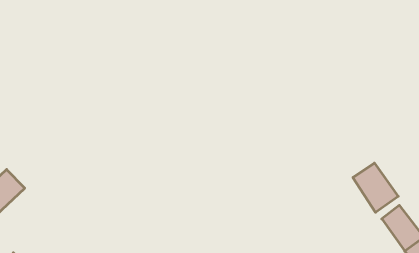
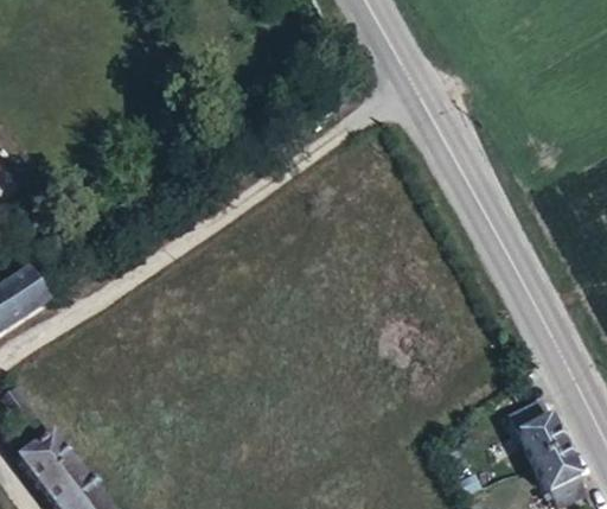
building: [353,163,398,212] -> none

